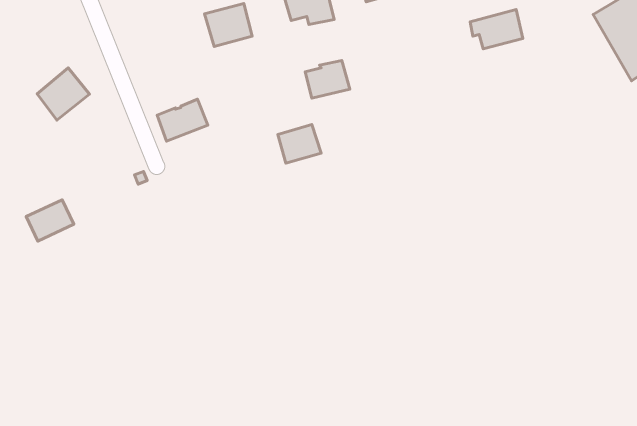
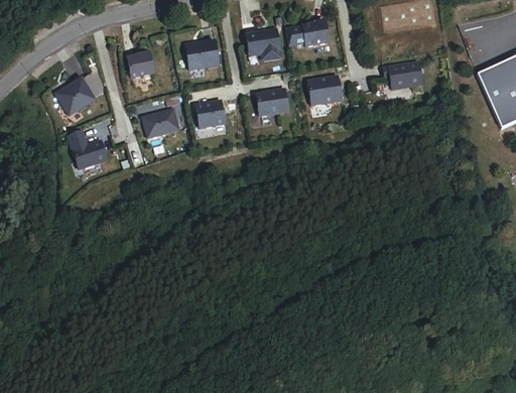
building: none -> [128,49,155,76]
building: none -> [307,77,343,106]
building: [278,125,321,163] -> [196,100,227,127]
building: [26,200,74,241] -> [72,139,107,168]

